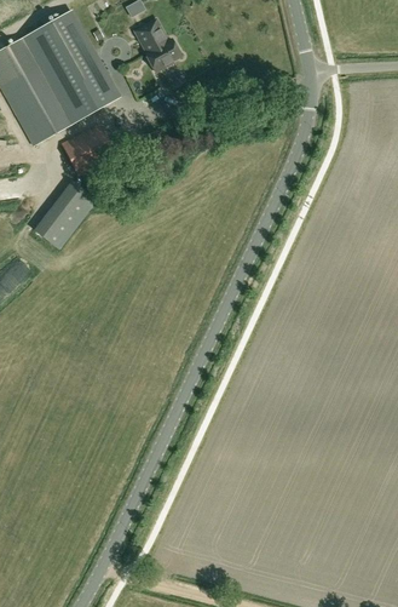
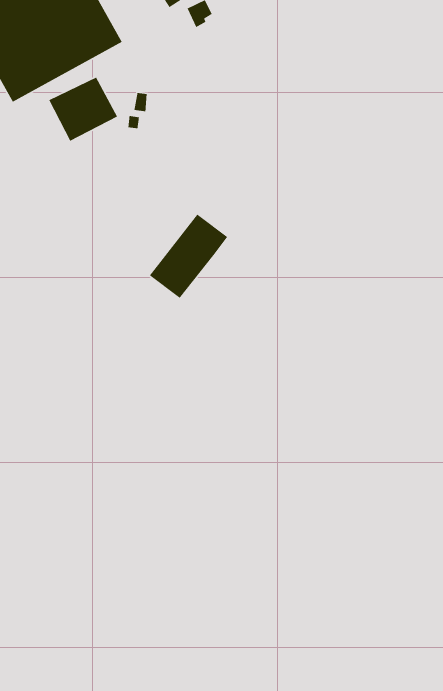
building: [35,181,97,247] -> [149,213,228,299]

